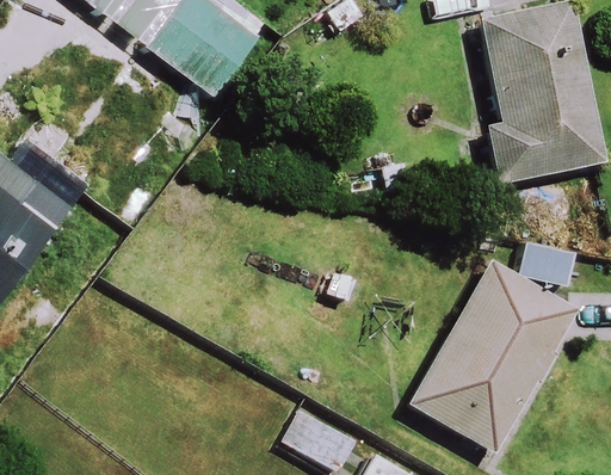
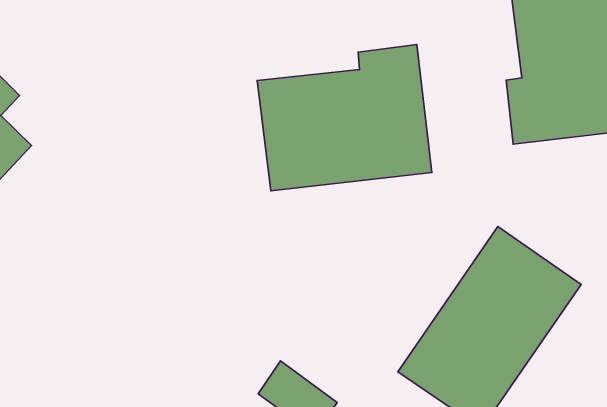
building: none -> [257,45,432,191]

